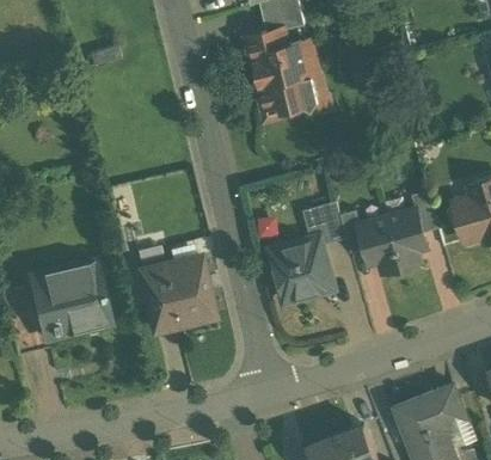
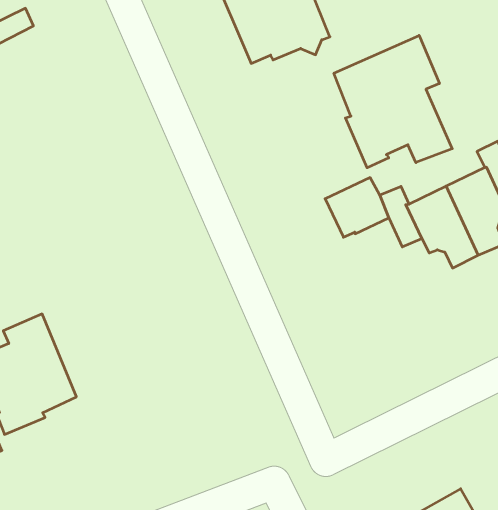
building: none -> [334,35,452,168]
building: [272,238,333,302] -> none
building: [134,258,215,332] -> none

